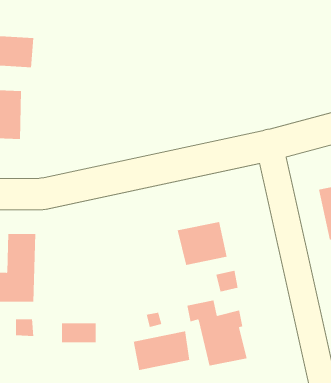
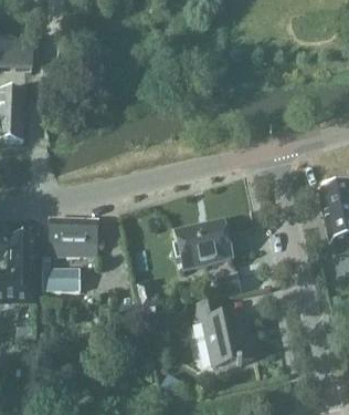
building: none -> [49,217,97,257]
building: [61,323,97,343] -> [43,270,78,290]
building: [133,330,190,371] -> none

